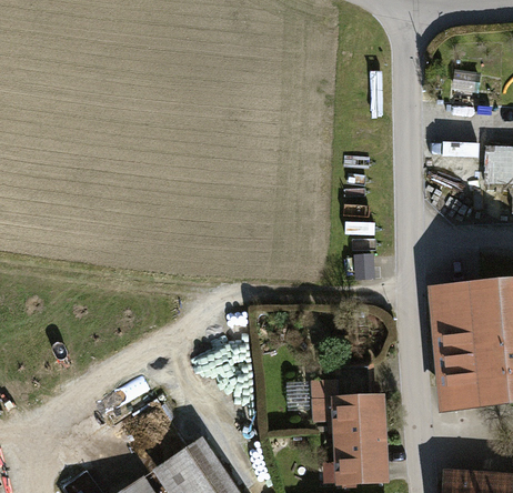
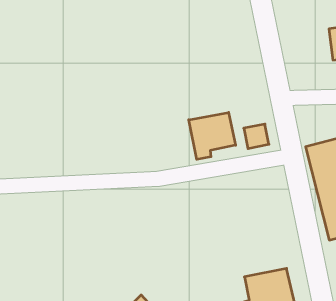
building: none -> [189,112,236,159]
building: [311,380,384,434] -> none

